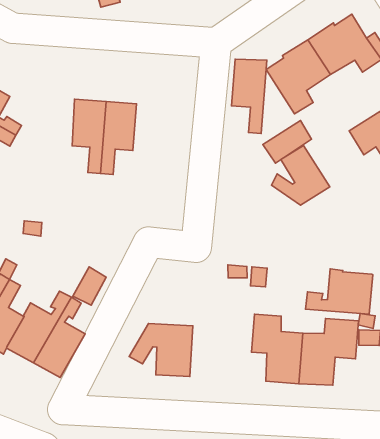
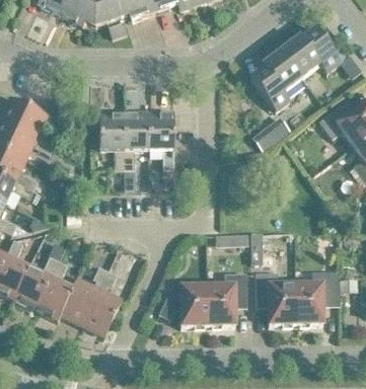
building: [232,59,267,134] -> [148,111,173,170]
building: [272,145,330,205] -> none
building: [306,269,373,314] -> none
building: none -> [207,274,246,326]

